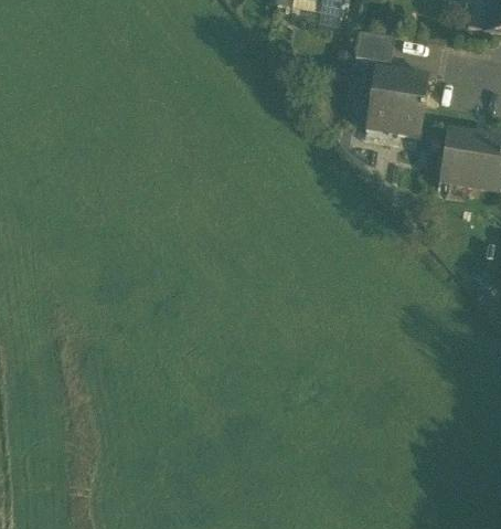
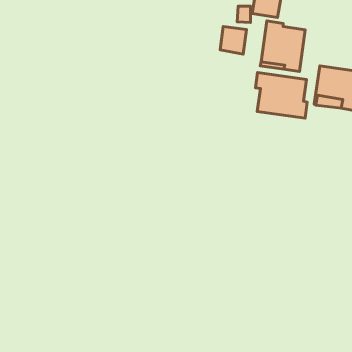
building: none -> [220,26,247,54]
building: none -> [256,73,307,118]

